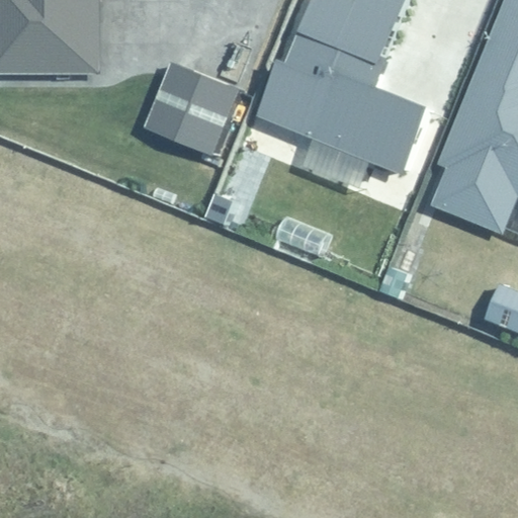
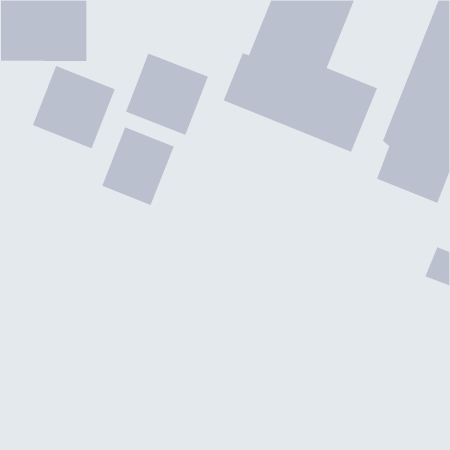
building: none -> [32,65,116,149]
building: none -> [101,127,174,206]

